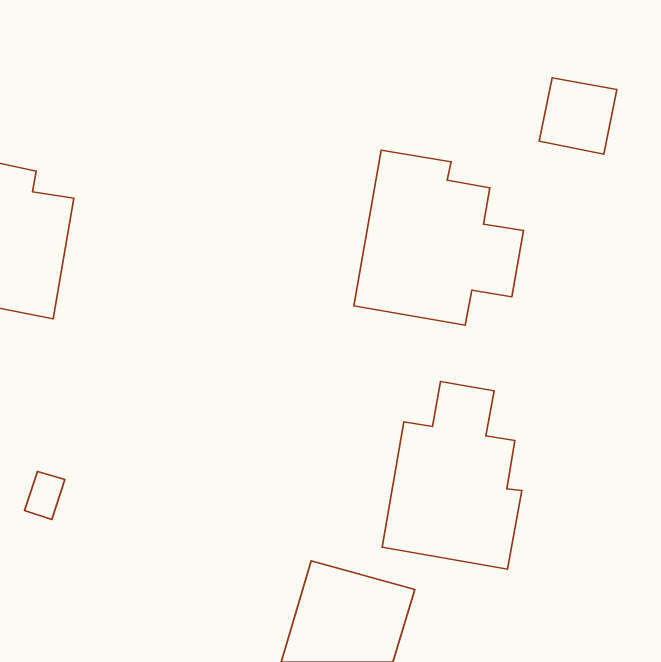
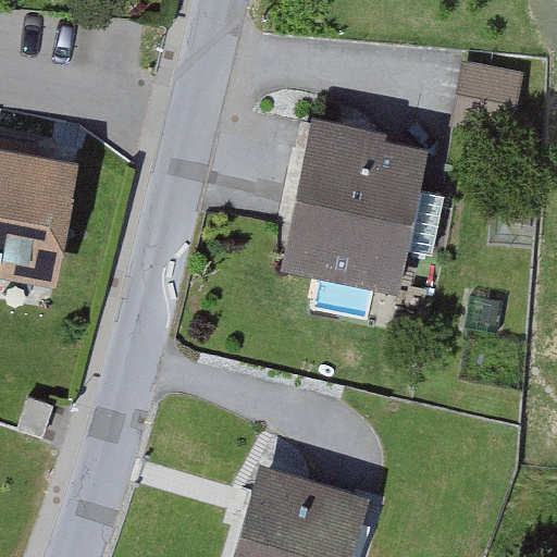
building: [382,381,522,569] -> none

